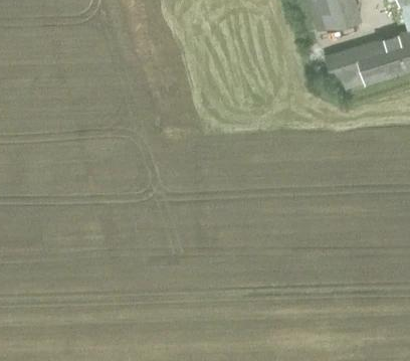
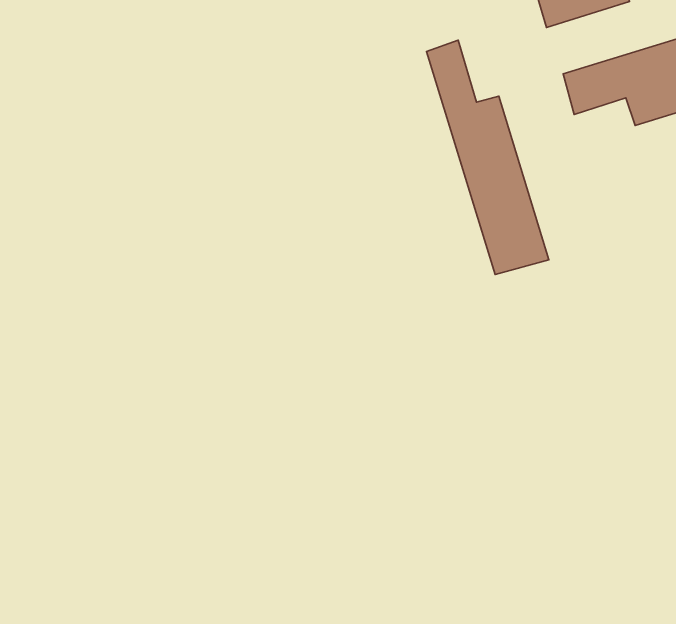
building: none -> [427,40,549,274]

